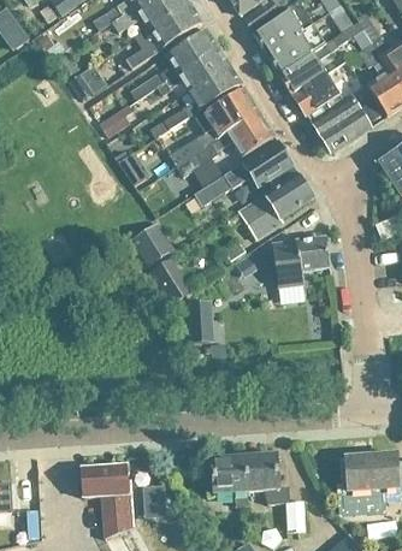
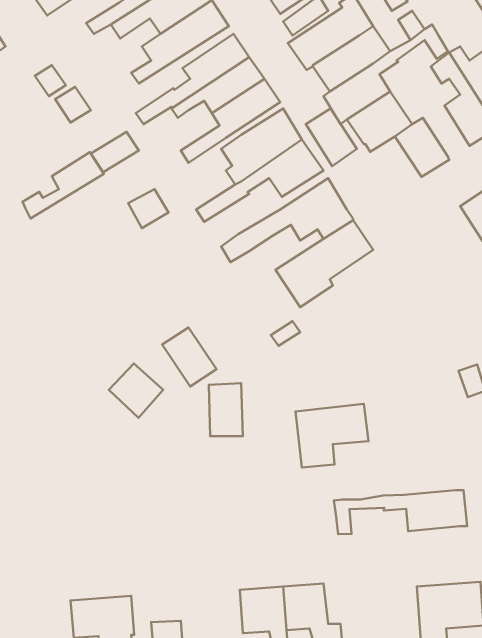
building: [311,108,350,153] -> [306,109,357,166]
building: none -> [23,152,104,218]
building: [126,218,169,260] -> [109,363,163,418]
building: [272,238,329,288] -> [296,404,369,467]
building: none -> [334,490,467,534]

